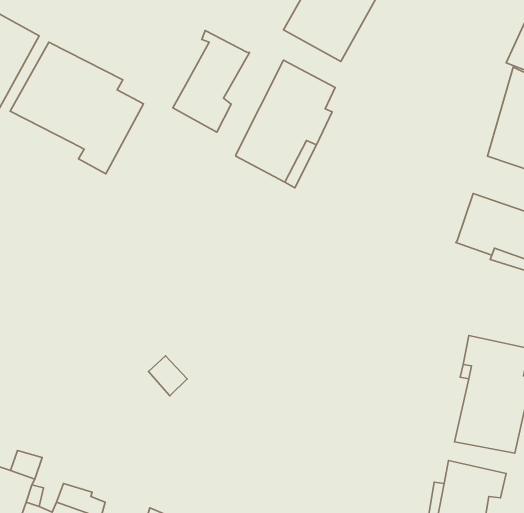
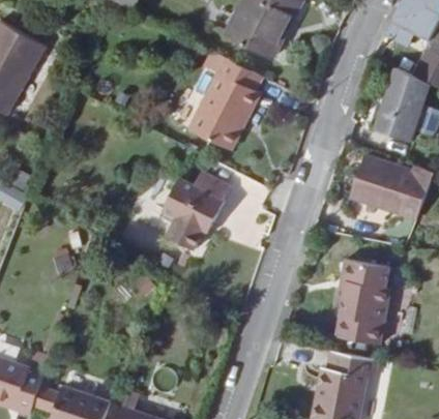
building: [173,31,249,132] -> none
building: [10,42,143,174] -> none
building: none -> [159,173,226,251]

